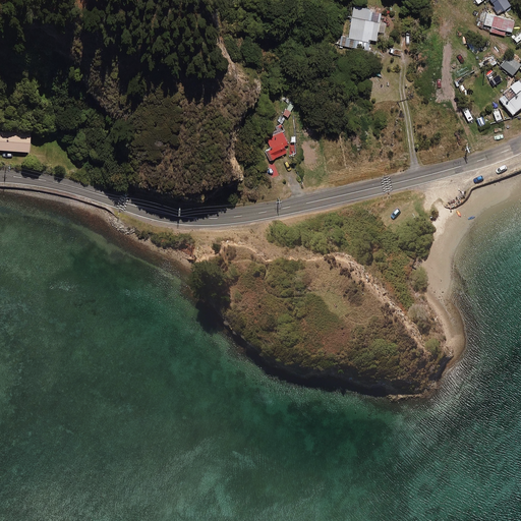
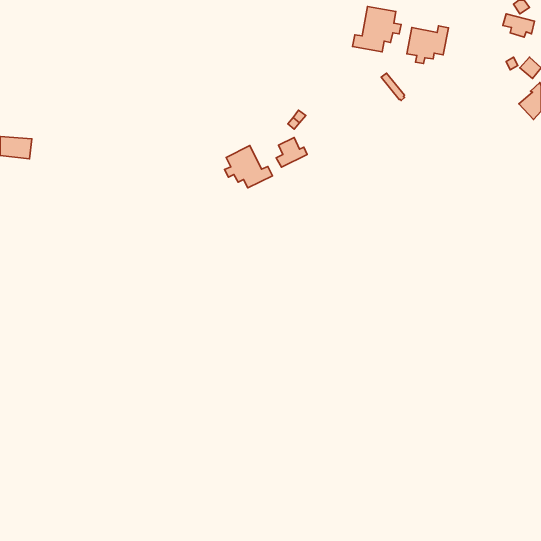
building: none -> [407,26,448,63]
building: none -> [225,146,272,188]

